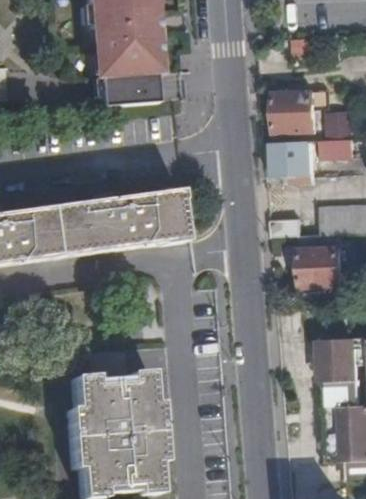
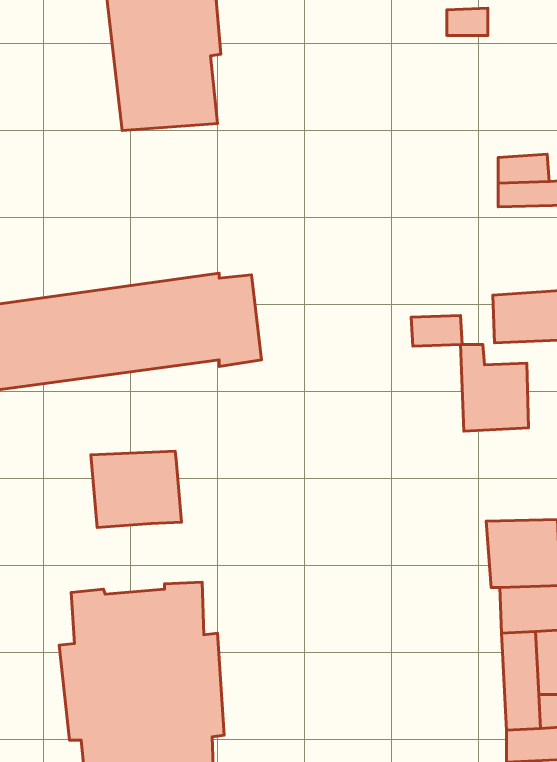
building: [277,88,317,129] -> none
building: [274,138,315,181] -> none
building: none -> [91,451,182,528]

